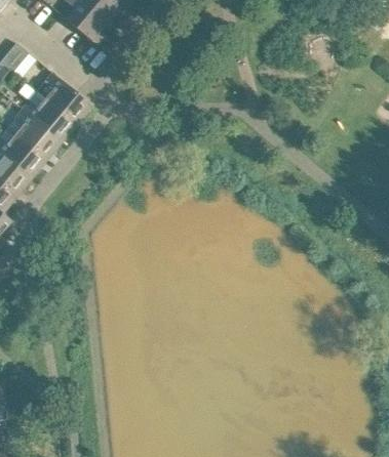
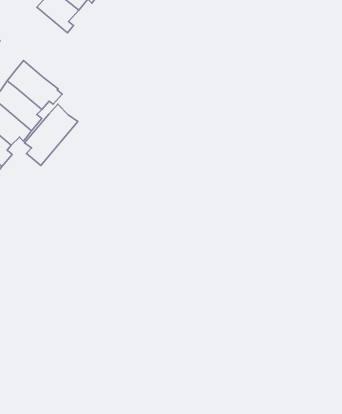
building: none -> [25,104,78,166]

